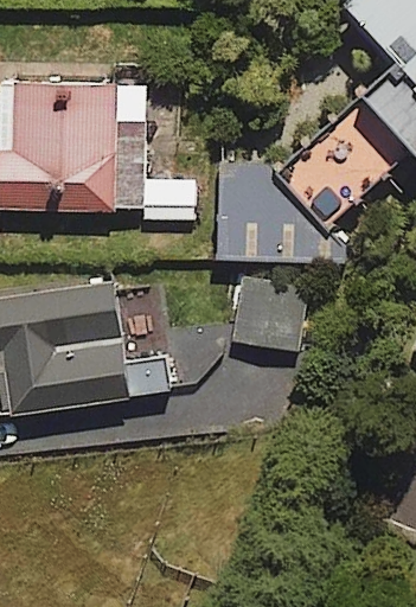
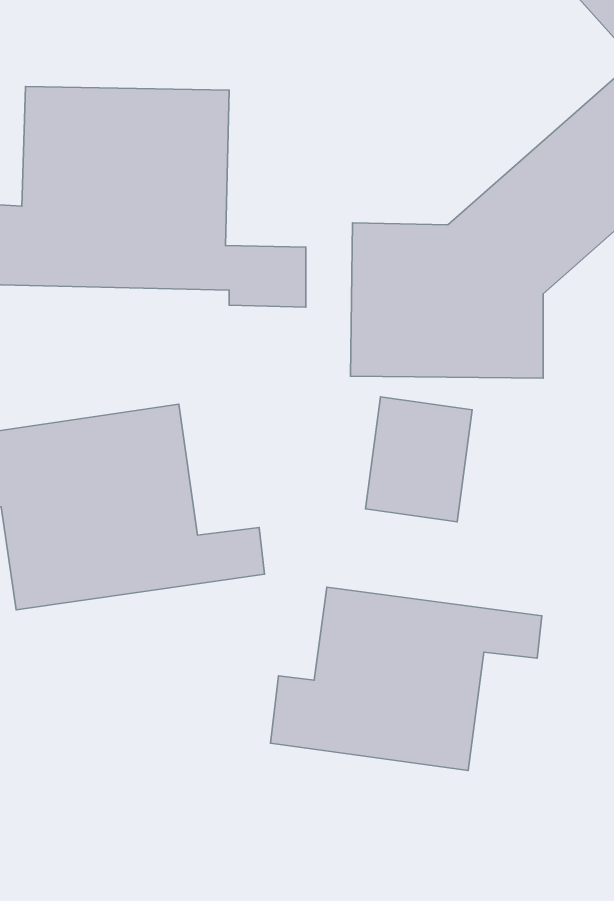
building: none -> [271,587,542,771]

